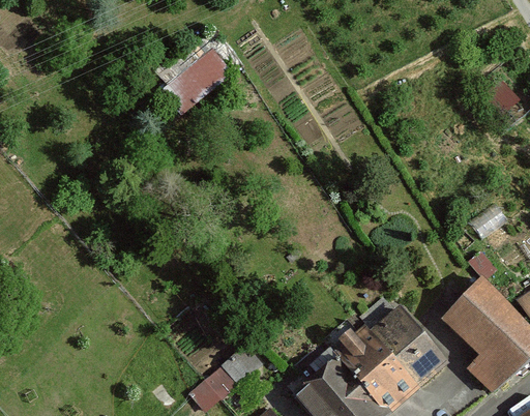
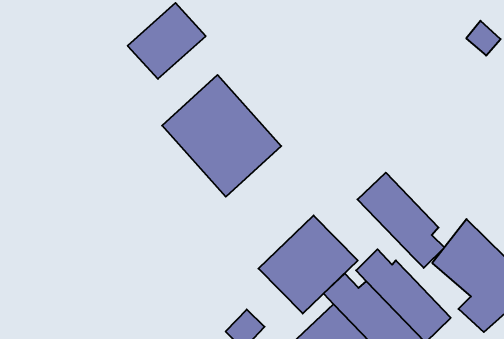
building: none -> [162,75,281,197]
building: none -> [357,173,444,268]
building: none -> [258,215,358,314]

